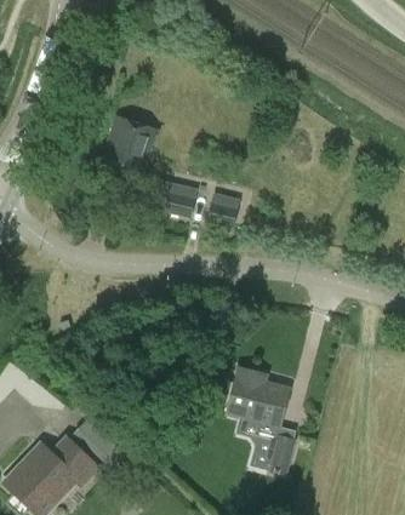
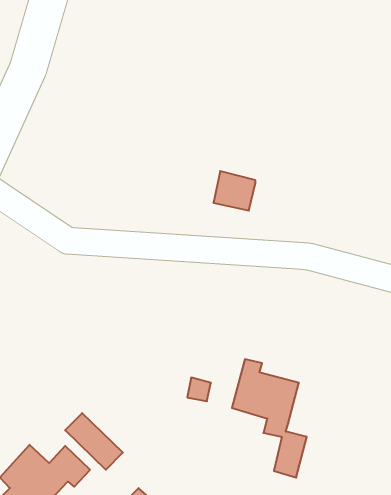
building: [99,114,156,176] -> none
building: [156,179,195,216] -> none

